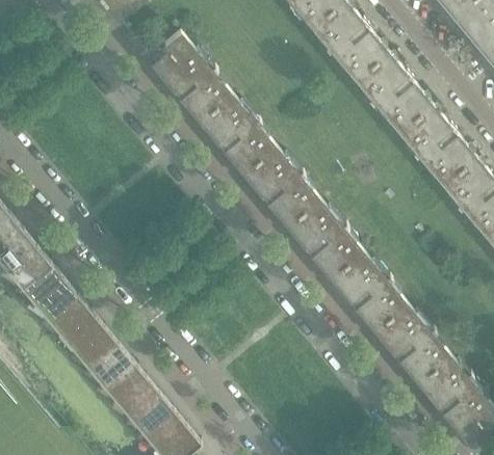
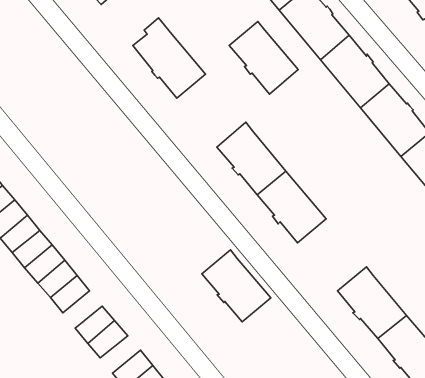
building: [200,95,275,173] -> [229,22,298,94]
building: [331,251,406,329] -> [202,250,271,322]
building: [76,329,119,370] -> none
building: [116,378,160,419] -> none

